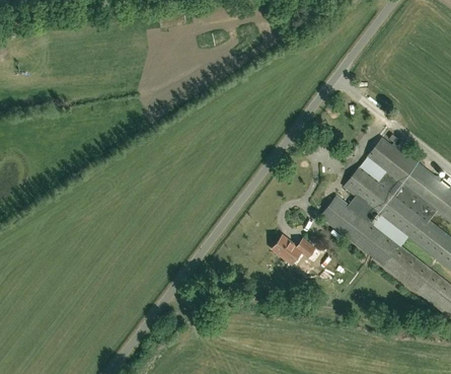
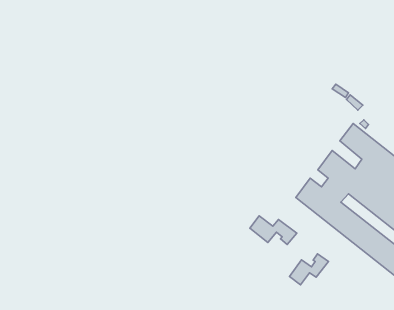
building: none -> [289,254,328,285]

